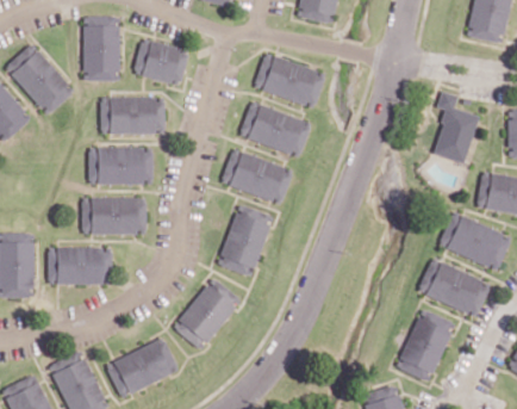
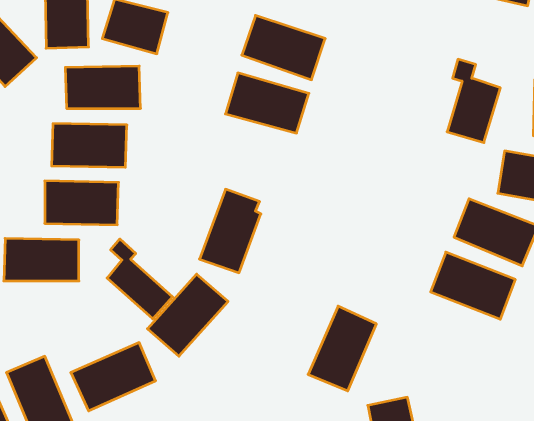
building: [222,148,293,204] -> none
building: none -> [107,239,173,319]
building: [395,308,455,382] -> [308,306,376,391]

